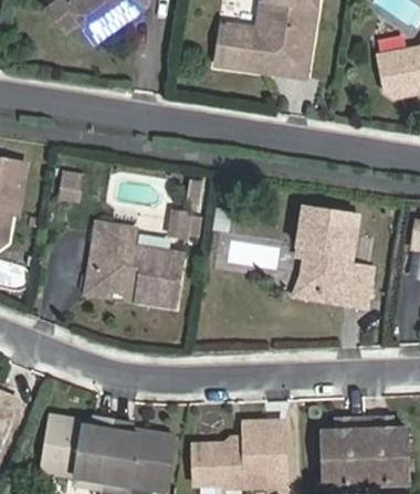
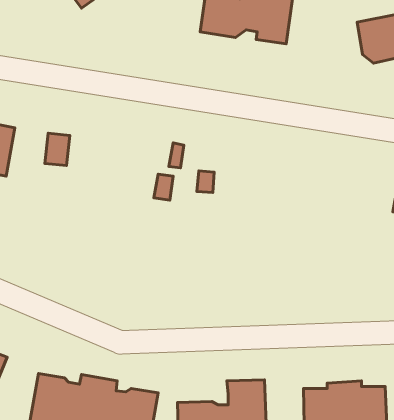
building: [297,207,372,307] -> none
building: [92,221,181,306] -> none

